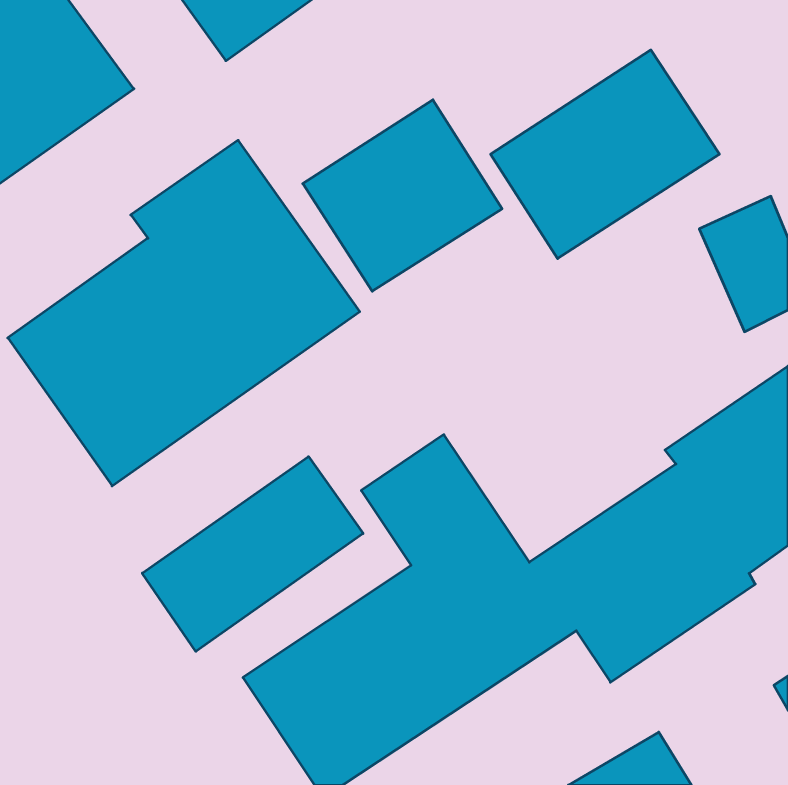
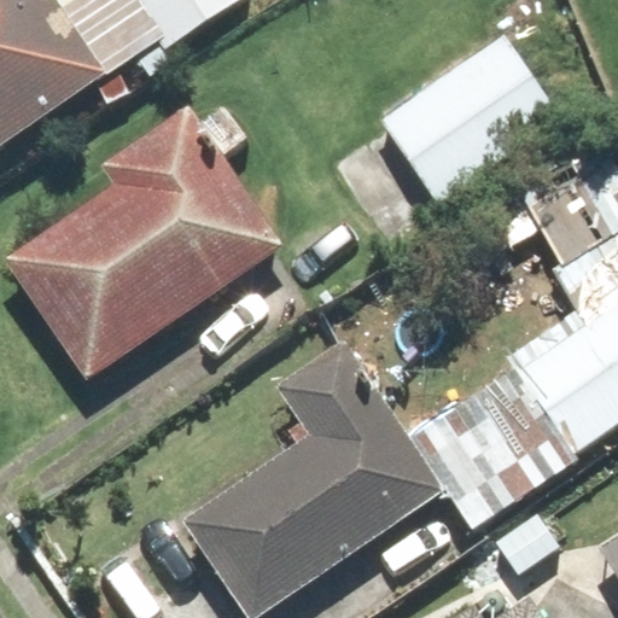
building: [303,100,502,291] -> none
building: [142,457,363,651] -> none

